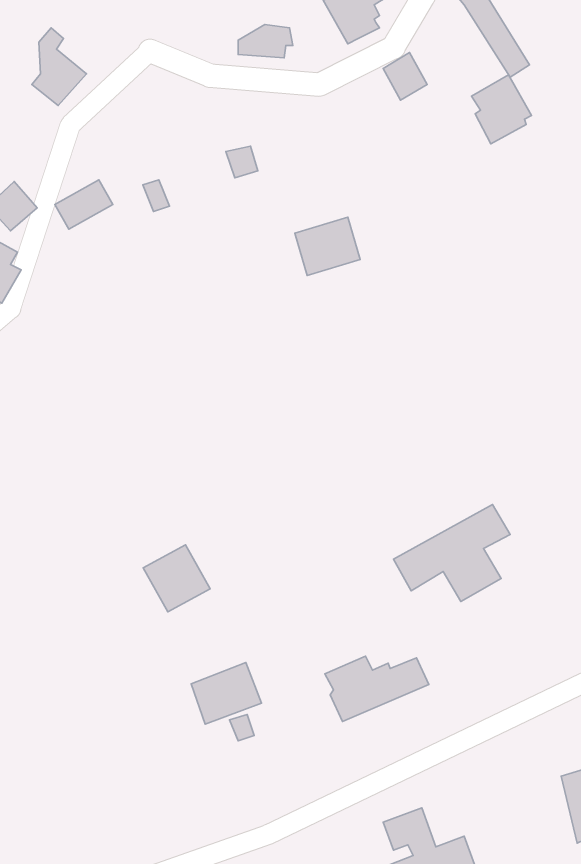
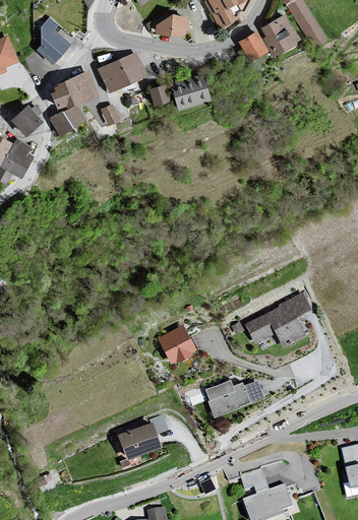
building: [472,75,532,144] -> [262,16,297,56]
building: none -> [99,54,144,91]
building: none -> [52,73,97,108]
building: [295,217,360,276] -> [172,75,210,109]
building: [143,545,210,612] -> [158,324,196,363]
building: [191,663,262,724] -> [119,424,160,459]

